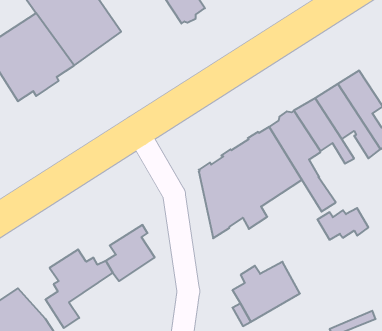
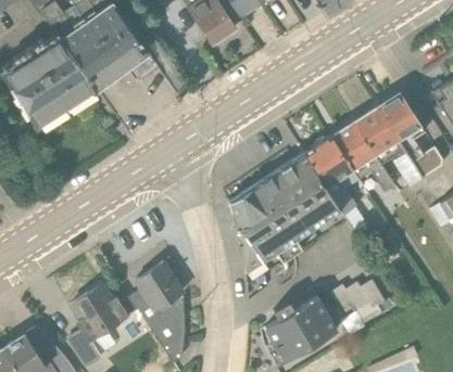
building: [317,208,368,240] -> [330,280,385,313]
building: none -> [147,296,184,361]

